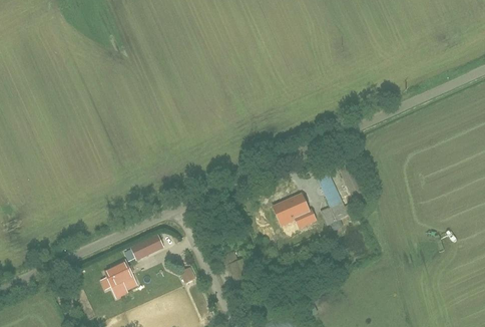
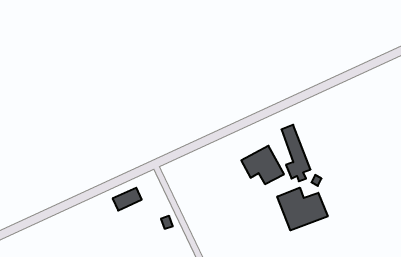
building: none -> [277,188,328,230]
building: [98,259,141,301] -> none

